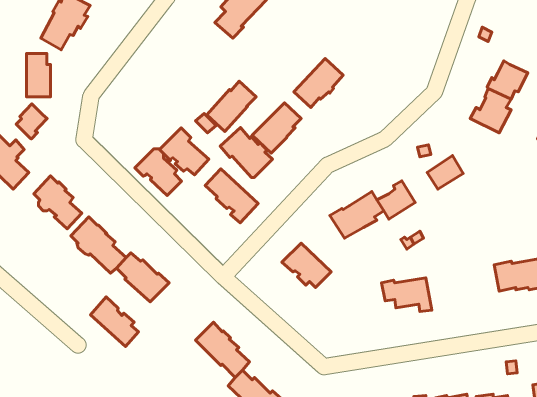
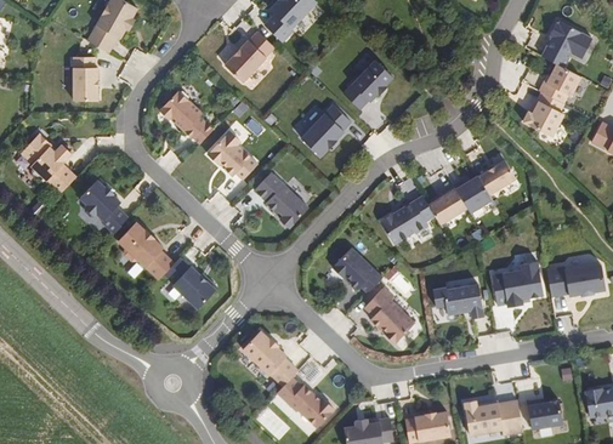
building: none -> [541,21,581,67]
building: [207,81,256,132] -> [225,30,274,81]
building: [16,104,47,139] -> none
building: [220,127,273,178] -> none
building: [135,149,182,195] -> [159,90,206,137]
building: none -> [453,175,492,211]
building: none -> [492,261,543,306]
building: none -> [364,286,414,342]
building: [91,297,138,347] -> none

